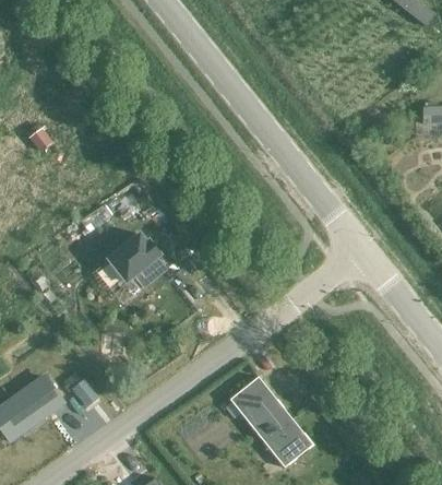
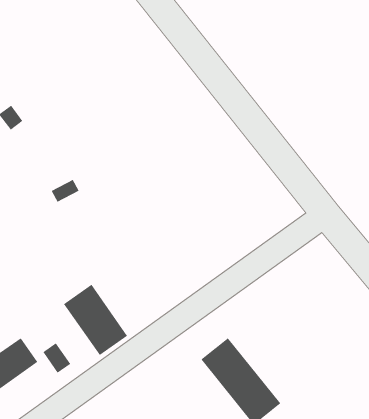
building: [110,230,167,283] -> none
building: none -> [63,284,128,356]

